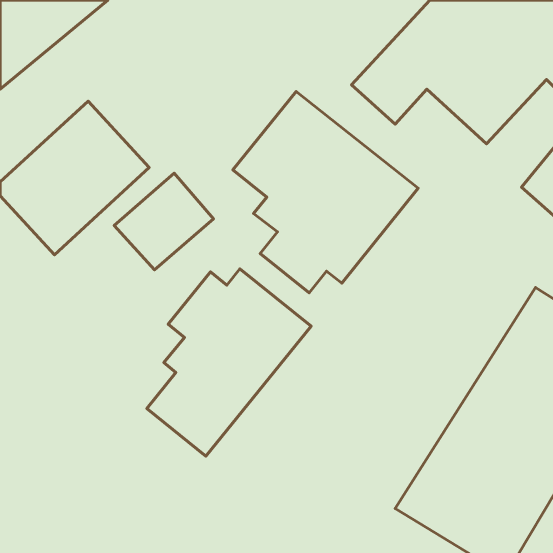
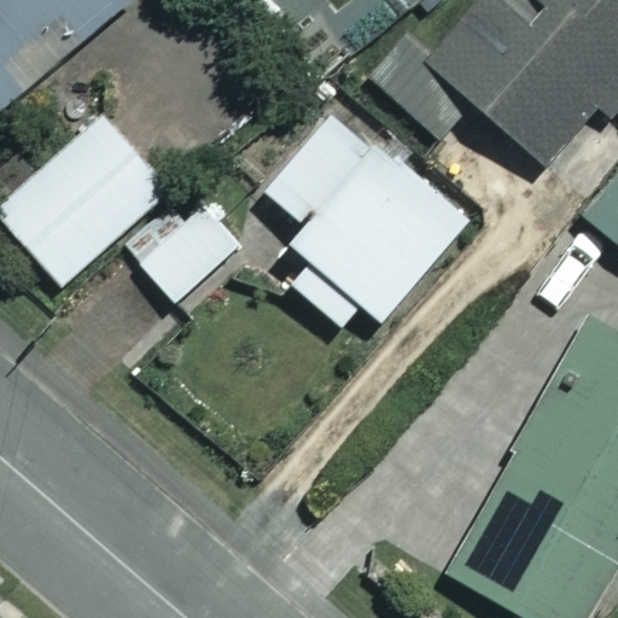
building: [147,269,311,456] -> none

